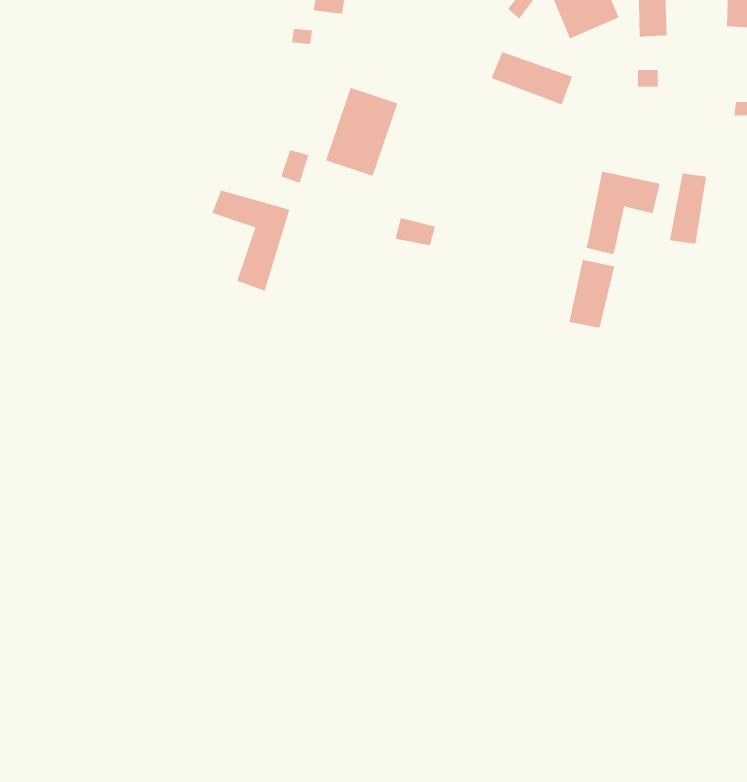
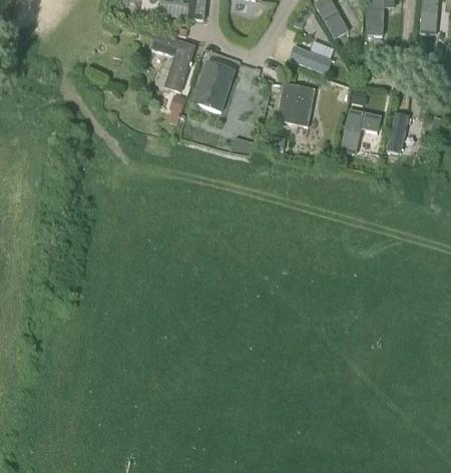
building: none -> [276,82,313,126]
building: [212,190,290,292] -> [149,34,193,91]
building: [569,259,615,329] -> none

